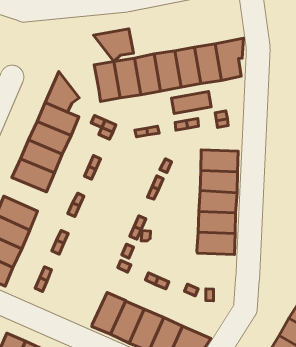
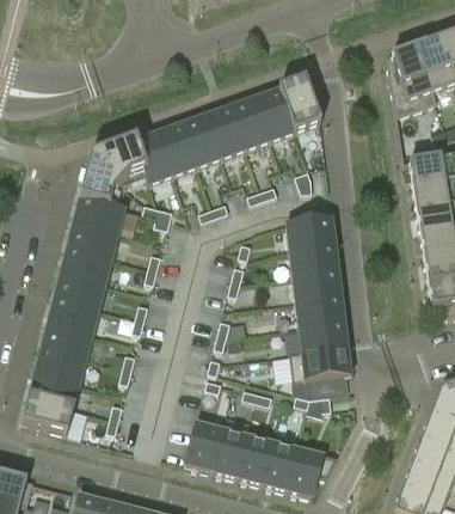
building: [93,29,133,62] -> [91,137,145,182]
building: [172,92,211,113] -> none
building: none -> [48,295,100,332]
building: none -> [290,345,351,379]

